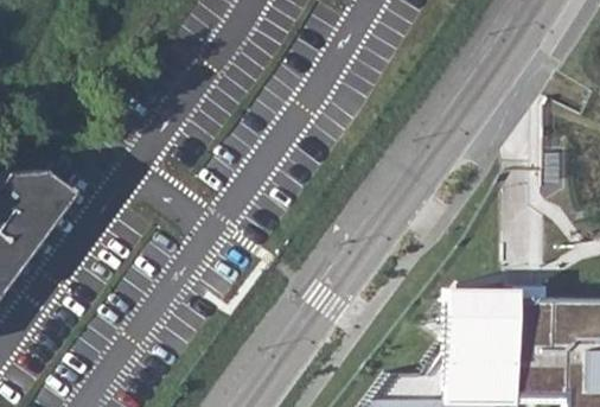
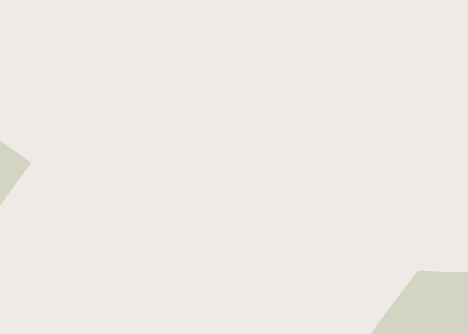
building: [445,292,516,355] -> none

